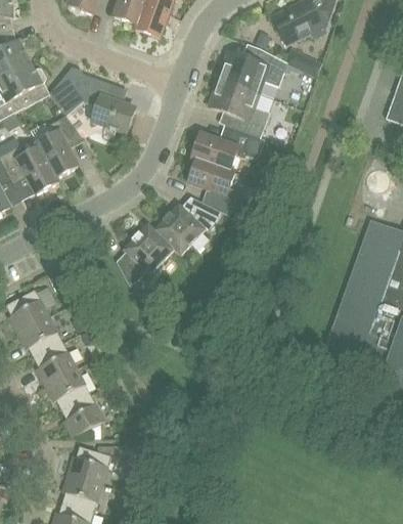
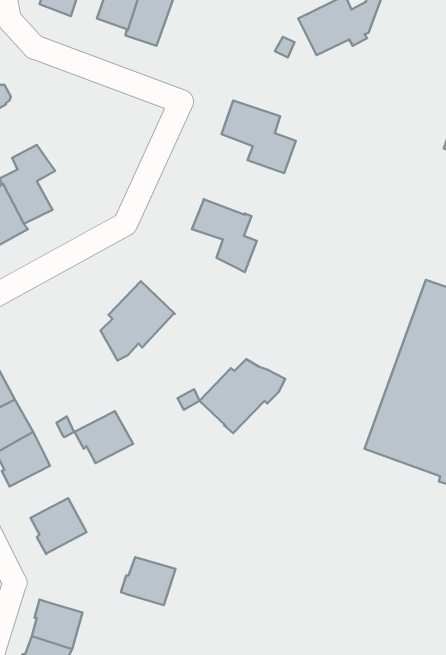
building: [220,48,286,92] -> none
building: [49,68,134,132] -> none
building: [191,126,264,170] -> none
building: [153,195,221,254] -> [199,359,285,433]
building: [44,367,90,408] -> [75,411,133,463]
building: [68,445,110,483] -> [121,557,175,605]

